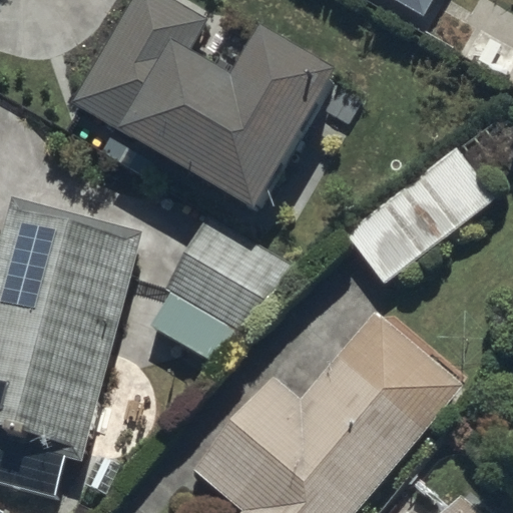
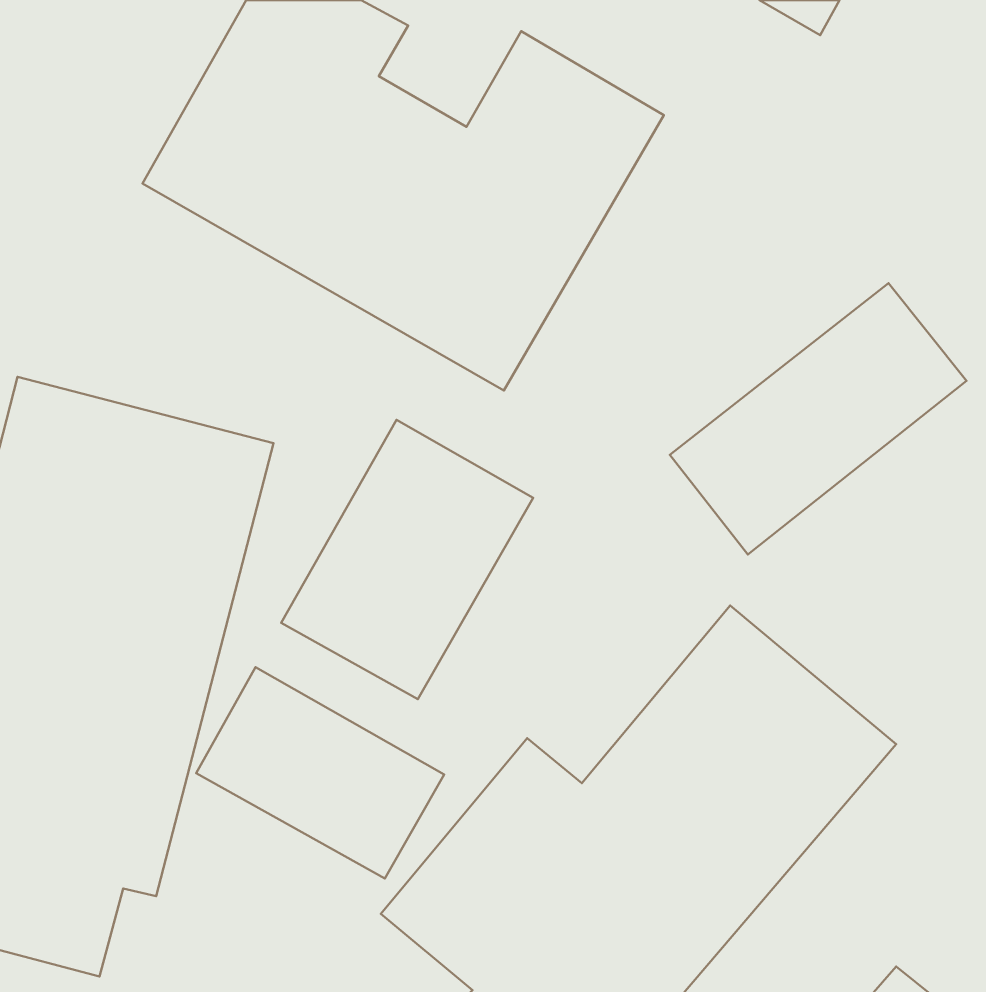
building: none -> [196,667,444,879]

